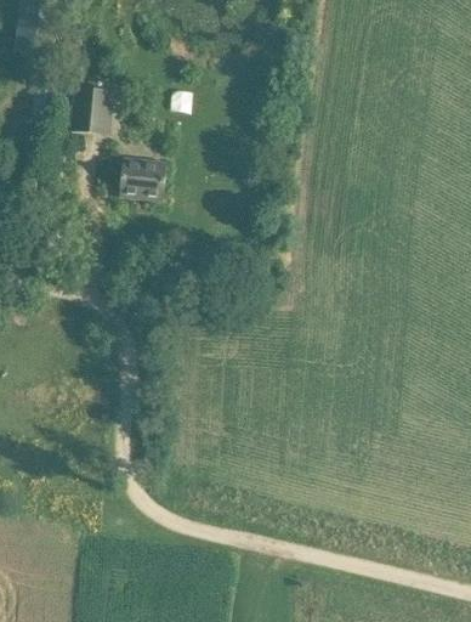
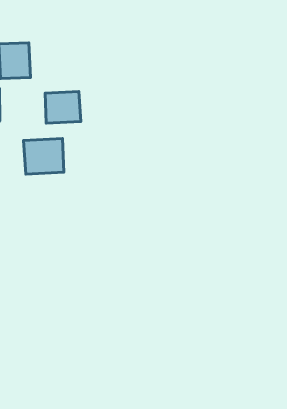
building: none -> [23,138,64,174]

